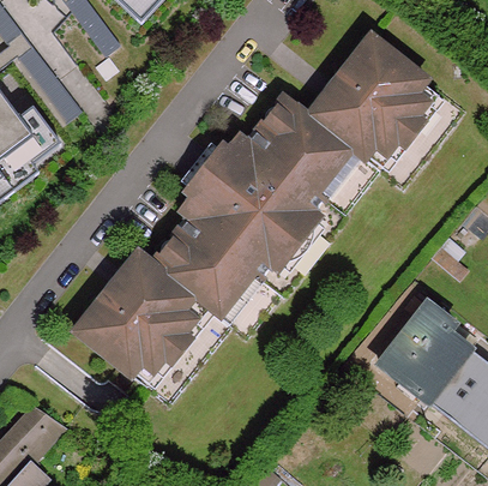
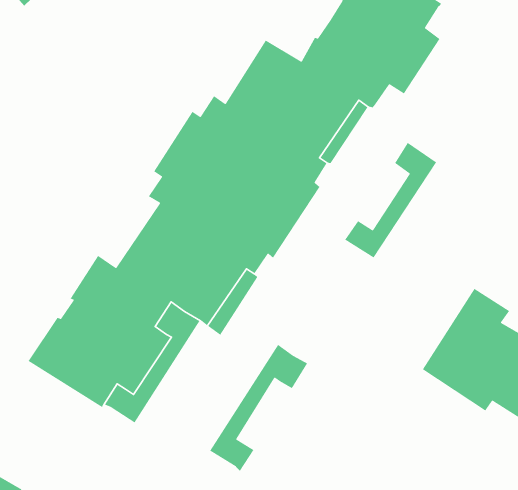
building: [365,79,442,168] -> [344,142,437,259]
building: none -> [209,344,308,472]

